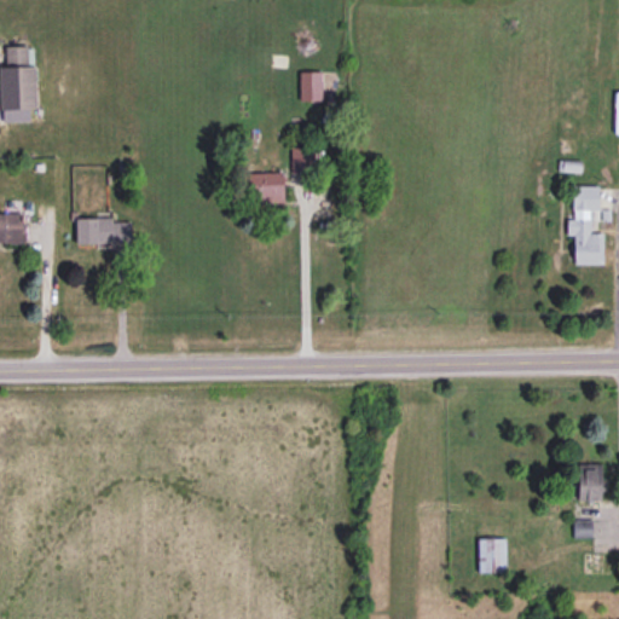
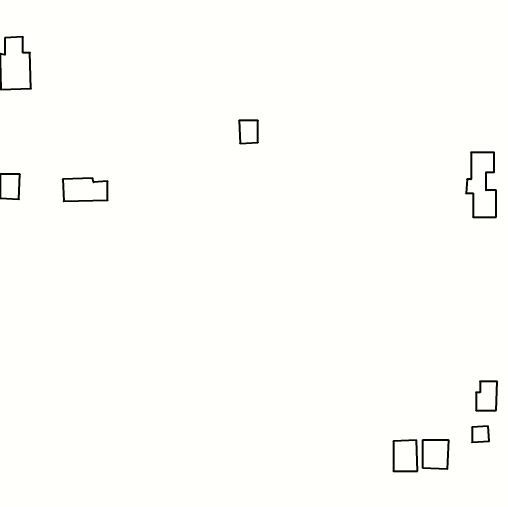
building: [300,73,324,103] -> none
building: [249,173,285,203] -> none
building: none -> [423,440,448,469]

